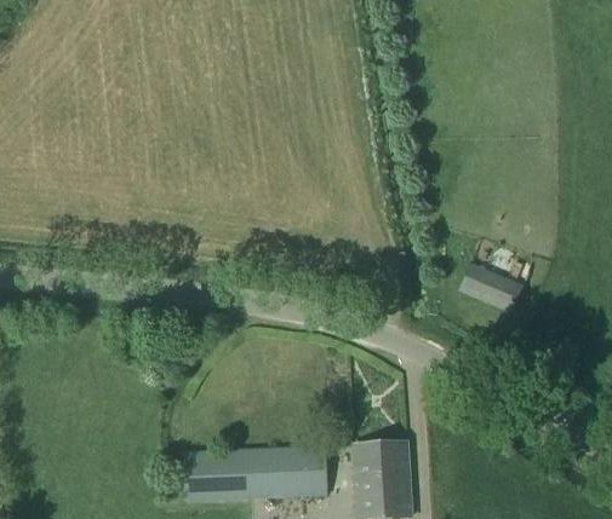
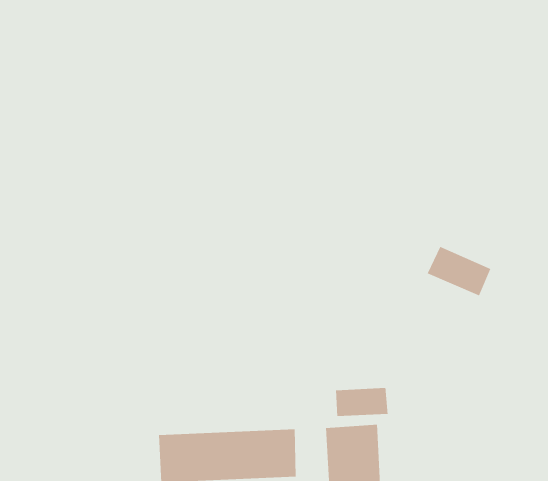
building: none -> [336,387,388,417]

